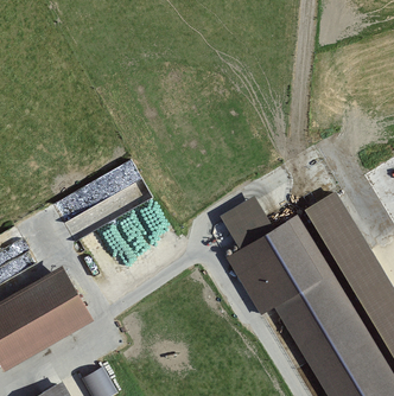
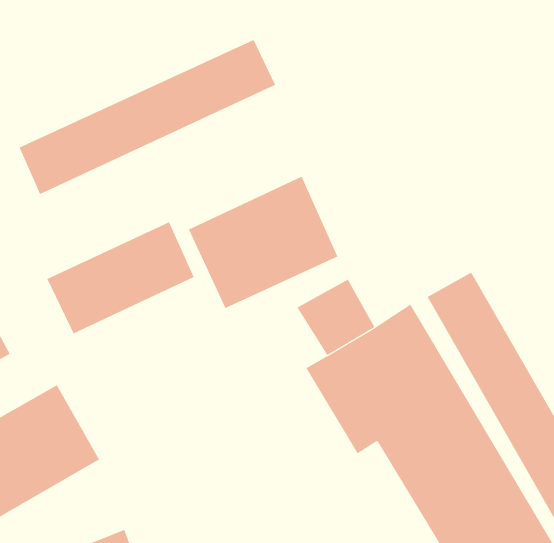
building: none -> [19,39,276,195]
building: none -> [188,176,338,309]

